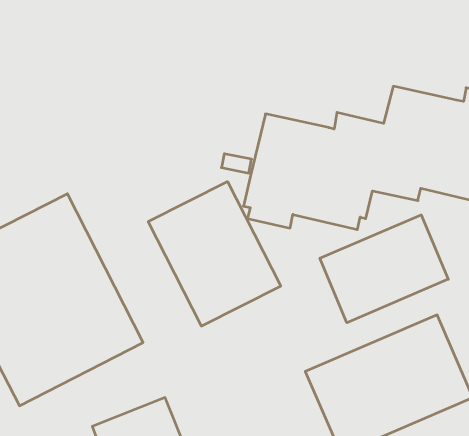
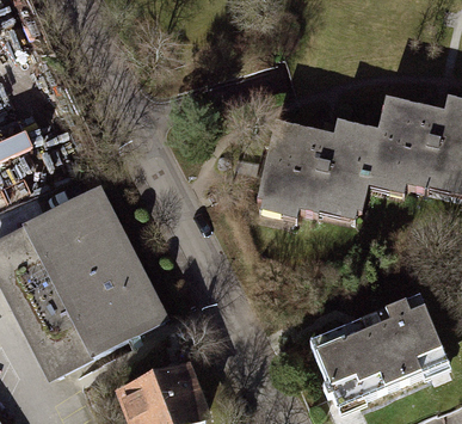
building: [148,182,281,326] -> none
building: [320,215,448,323] -> none

